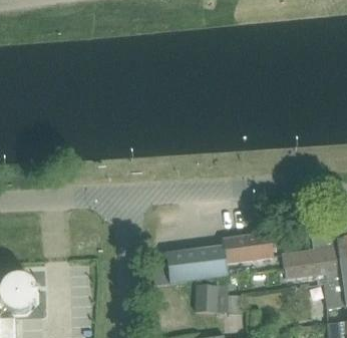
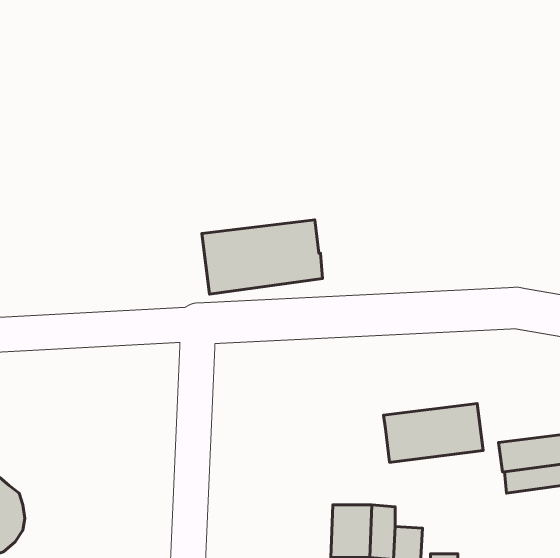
building: [164,246,227,284] -> [202,220,323,294]

